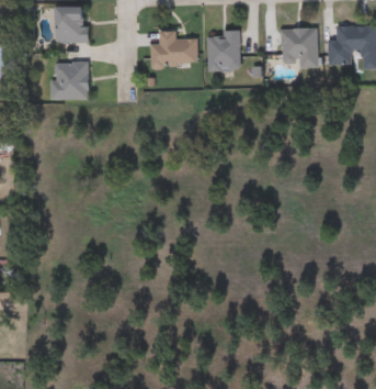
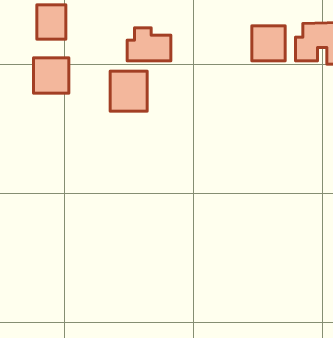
building: [207,32,240,70] -> none
building: none -> [110,71,147,111]

